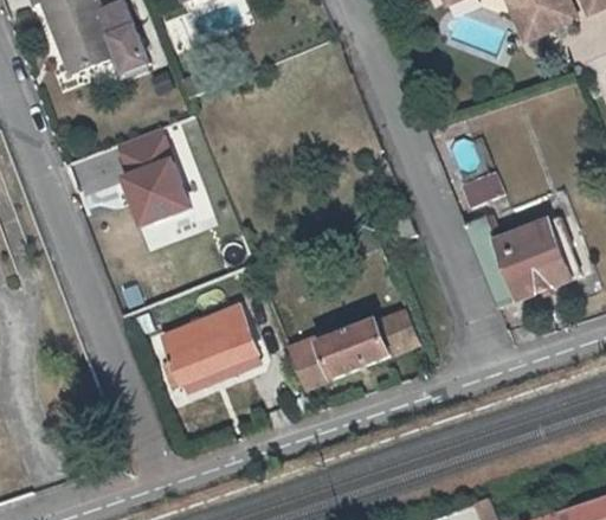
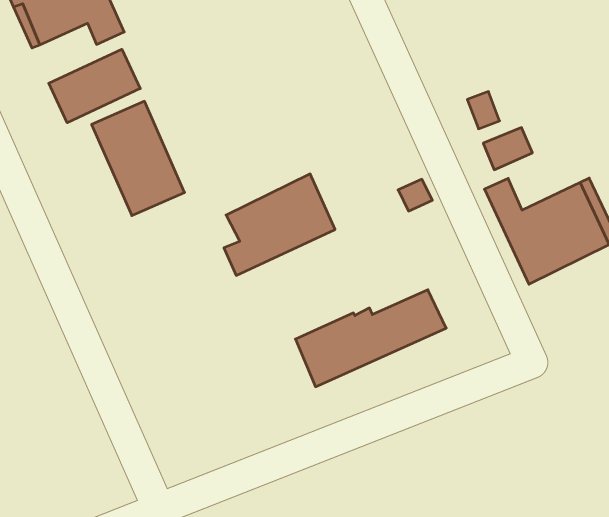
building: none -> [49,49,140,123]
building: [160,303,258,389] -> [224,174,335,275]

